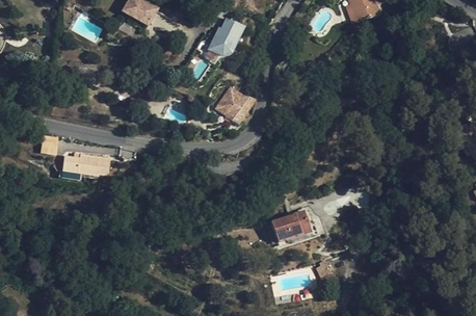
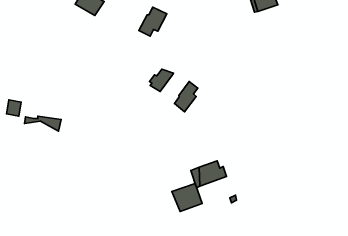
building: none -> [174,81,198,112]
building: [59,158,104,177] -> none
building: none -> [172,184,202,211]

